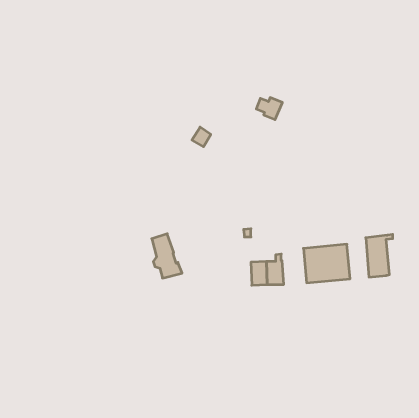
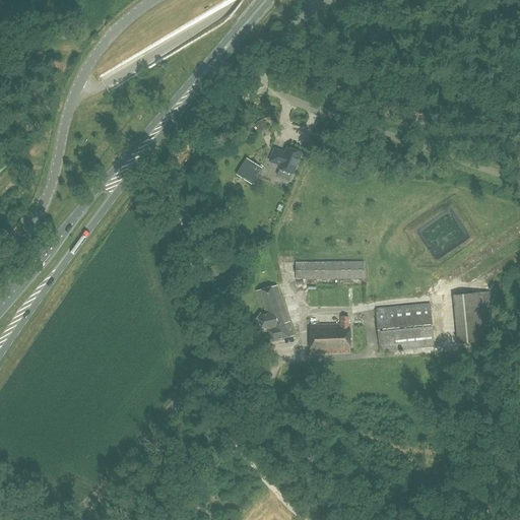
building: [256,98,282,120] -> [269,145,302,173]
building: none -> [296,260,364,277]
building: [152,234,182,278] -> [257,284,295,339]

